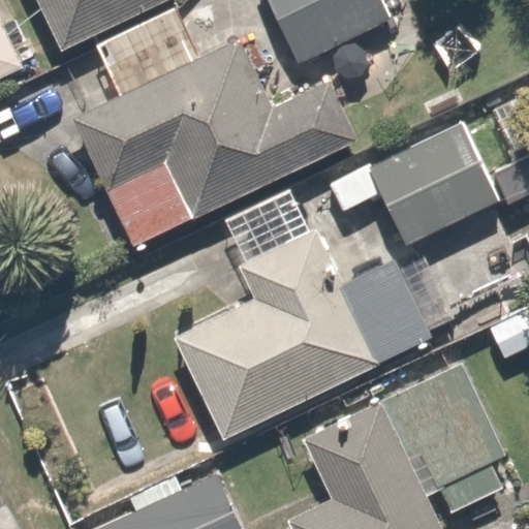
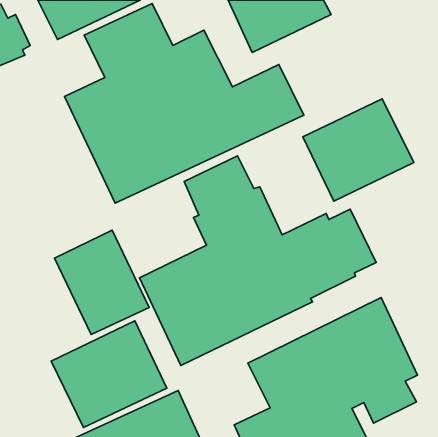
building: none -> [54,230,149,334]
building: none -> [51,321,167,427]

